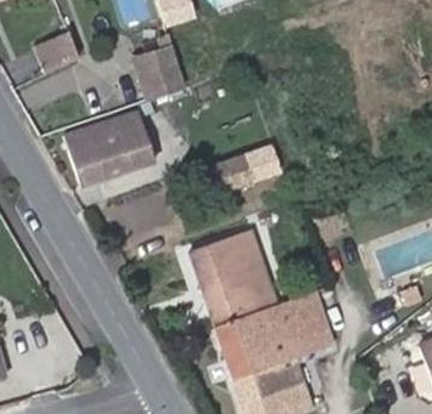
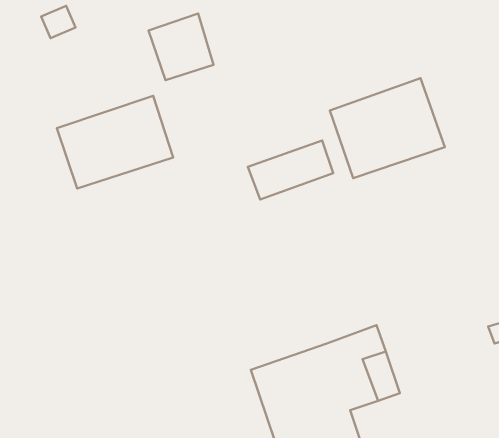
building: none -> [330,78,445,178]
building: [191,229,275,325] -> none

